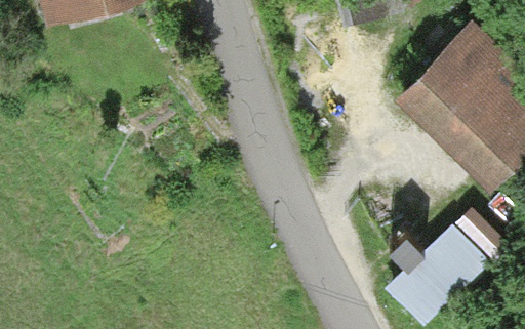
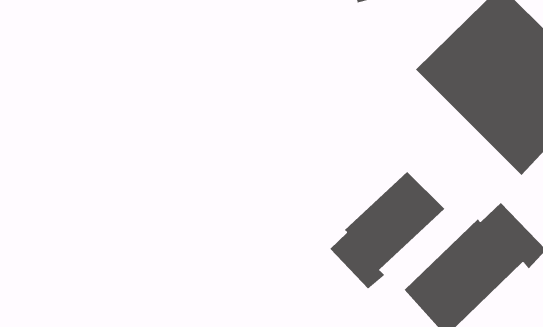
building: none -> [329,171,445,290]

